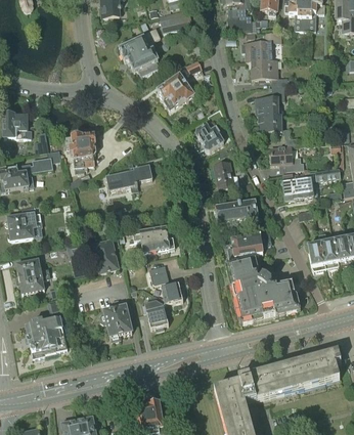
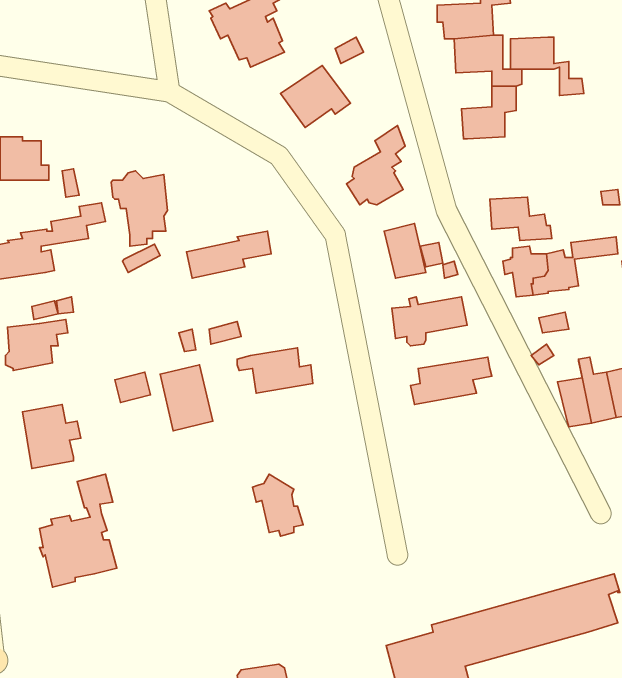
building: [258,113,298,144] -> [510,37,584,95]
building: [227,258,299,322] -> none
building: [148,265,185,304] -> none
building: [99,298,132,340] -> none

